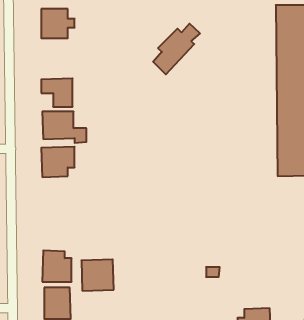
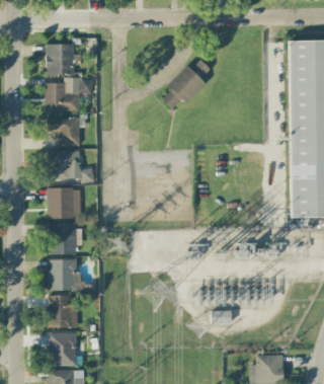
building: none -> [45,78,93,111]
building: none -> [49,224,82,254]
building: [81,259,114,291] -> [47,258,80,291]

